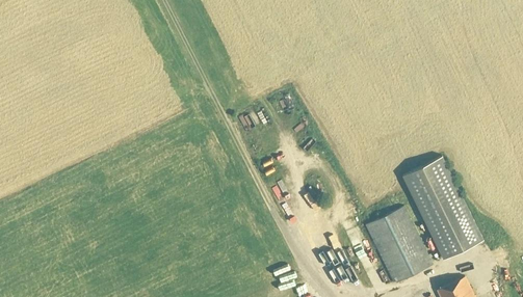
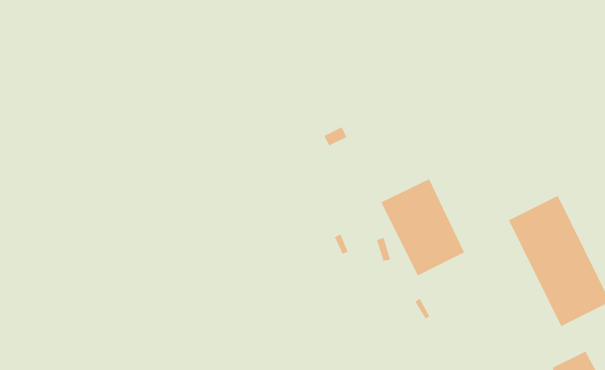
building: [365,207,432,284] -> [381,179,465,276]

